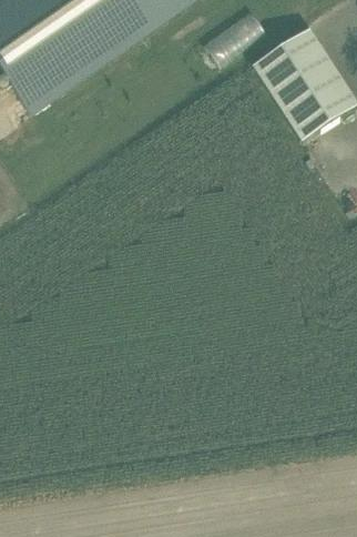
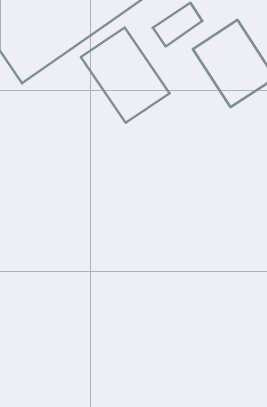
building: none -> [81,28,170,123]

